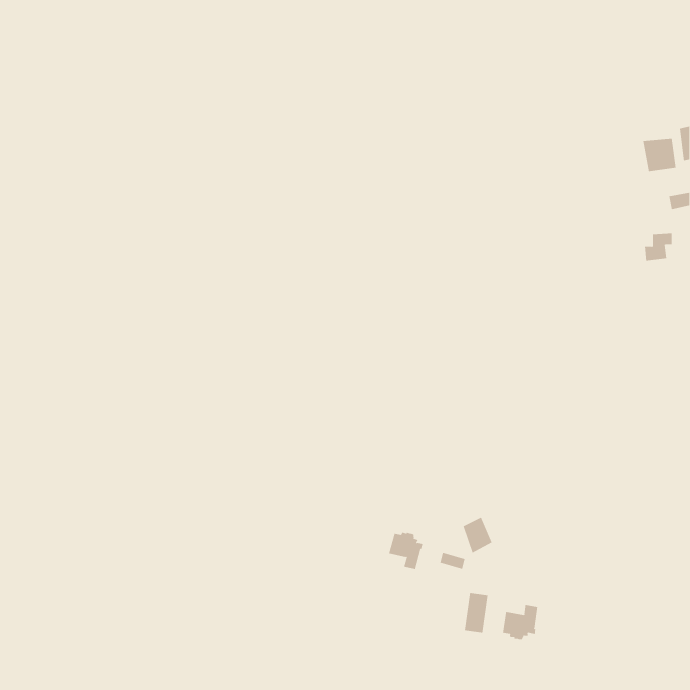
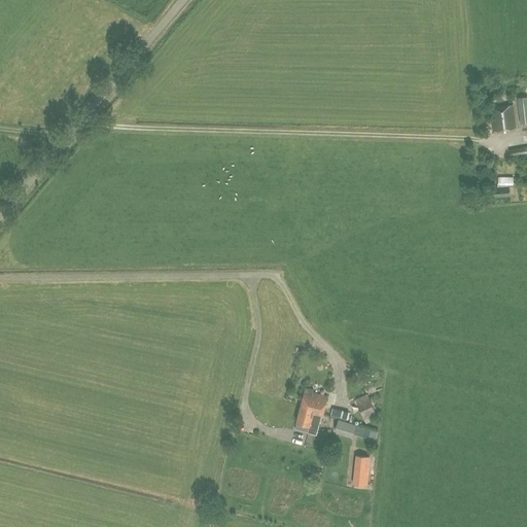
building: none -> [300,387,327,415]
building: [503,604,538,640] -> none

